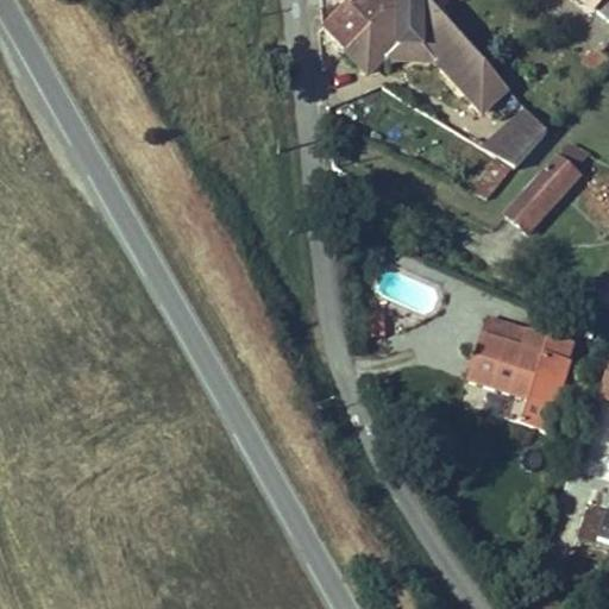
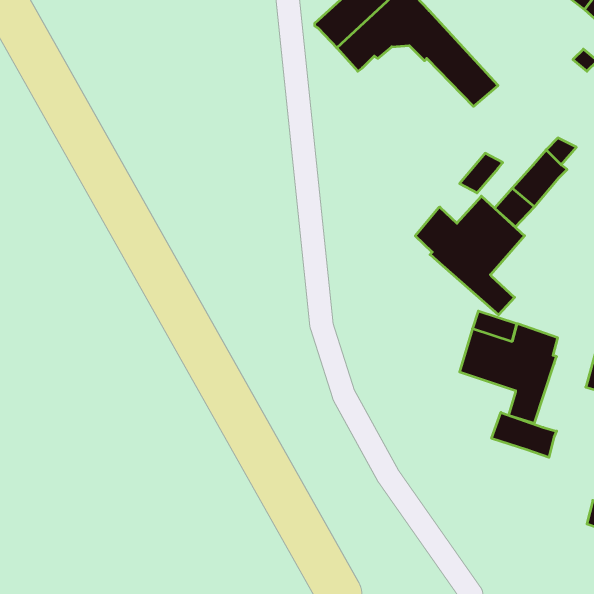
building: [485,107,548,165] -> none
building: none -> [415,196,525,315]
building: none -> [492,412,557,457]

